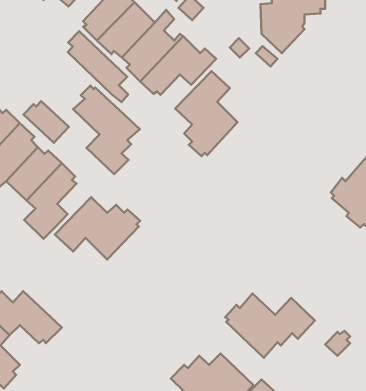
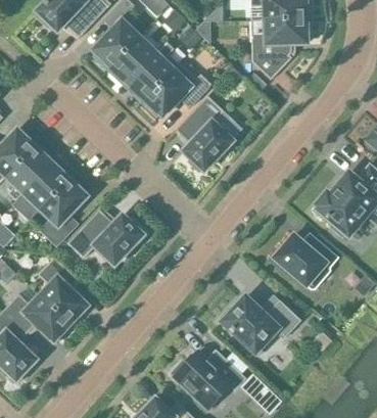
building: [68,31,128,102] -> none
building: [73,86,140,174] -> none
building: [23,101,69,143] -> none
building: none -> [271,236,338,288]
building: none -> [38,257,86,326]

